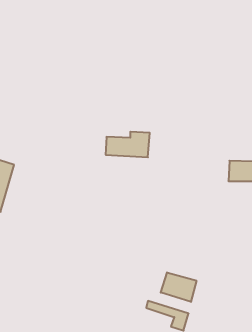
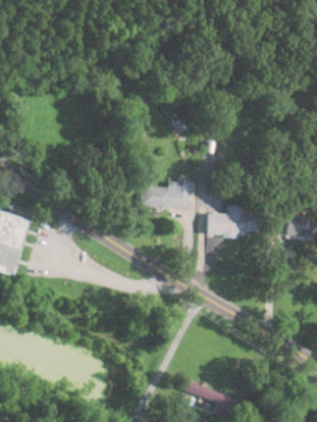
building: none -> [207,205,257,236]
building: [161,272,196,302] -> none

